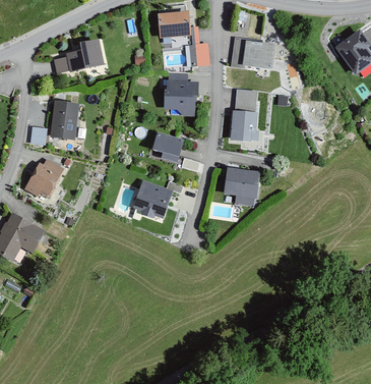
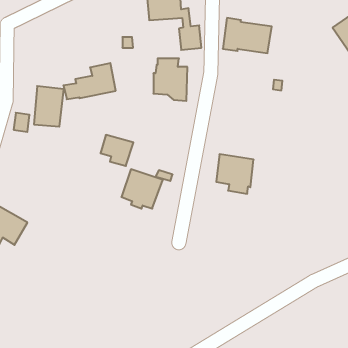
building: [54,38,104,72] -> [63,63,116,99]
building: [230,101,258,141] -> none
building: [152,131,184,161] -> [100,135,133,166]
building: [23,160,64,197] -> none

